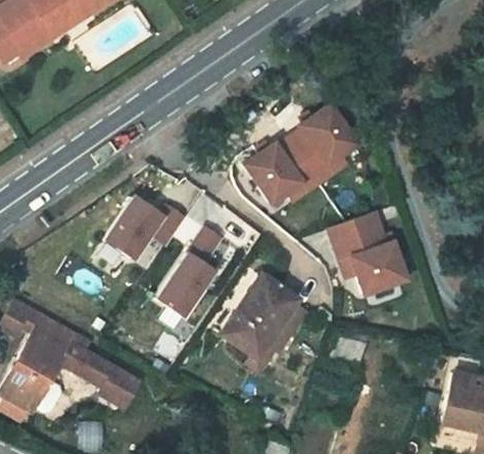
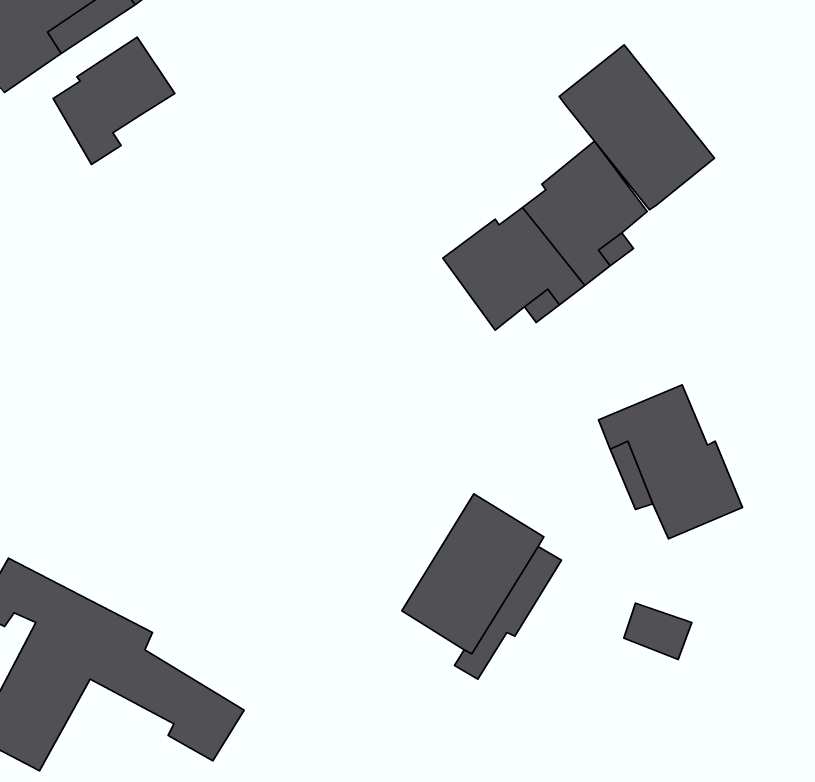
building: none -> [53,37,175,164]
building: none -> [559,45,715,210]
building: [106,186,186,247] -> none
building: [159,213,221,304] -> none

